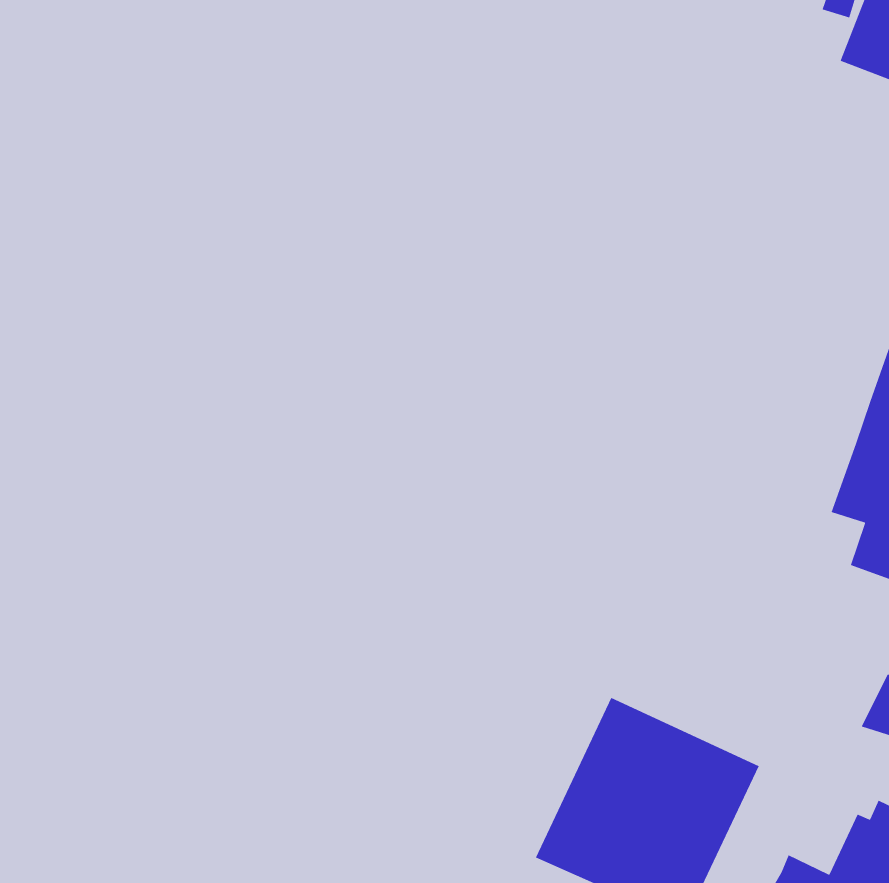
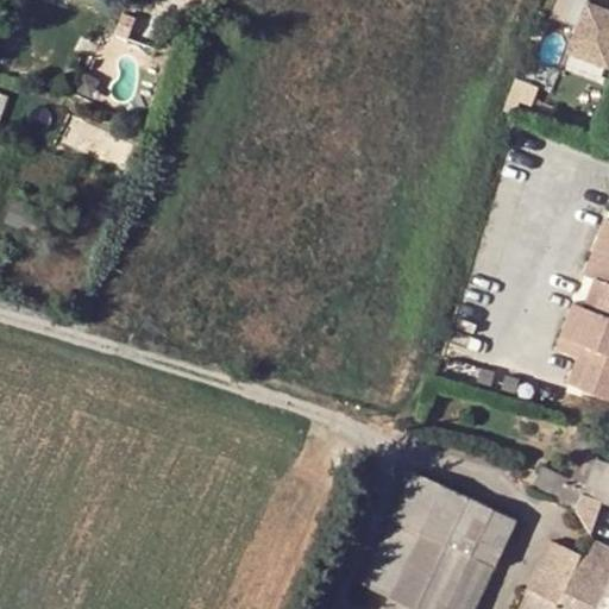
building: none -> [533,466,588,509]
building: none -> [534,541,580,595]

